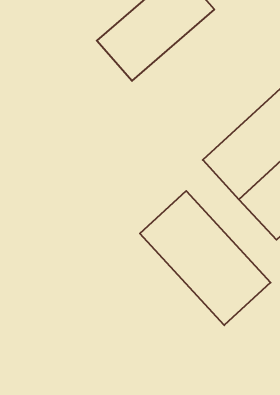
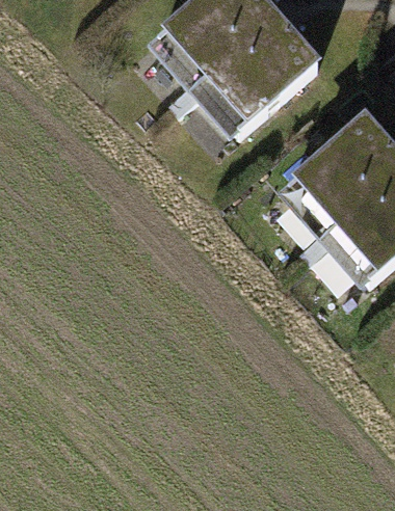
building: none -> [179,16,326,157]
building: [140,191,271,325] -> none

